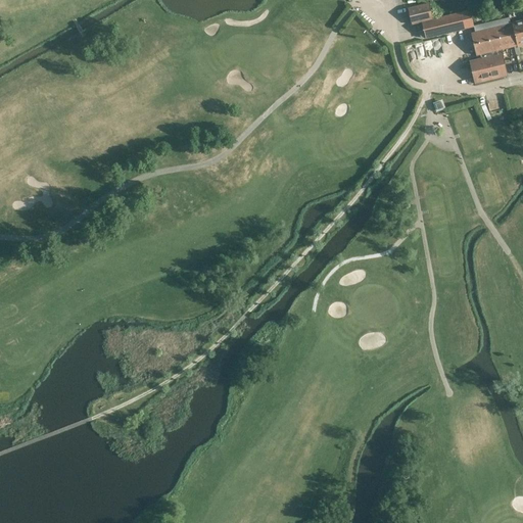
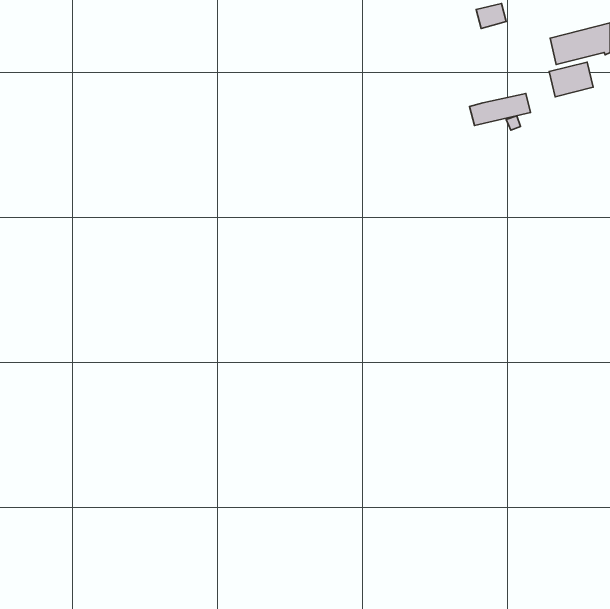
building: [422,10,474,38] -> [470,93,530,126]

